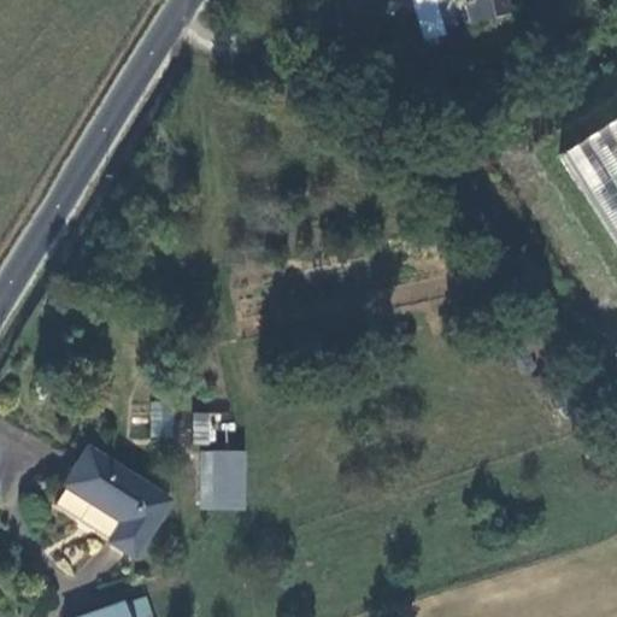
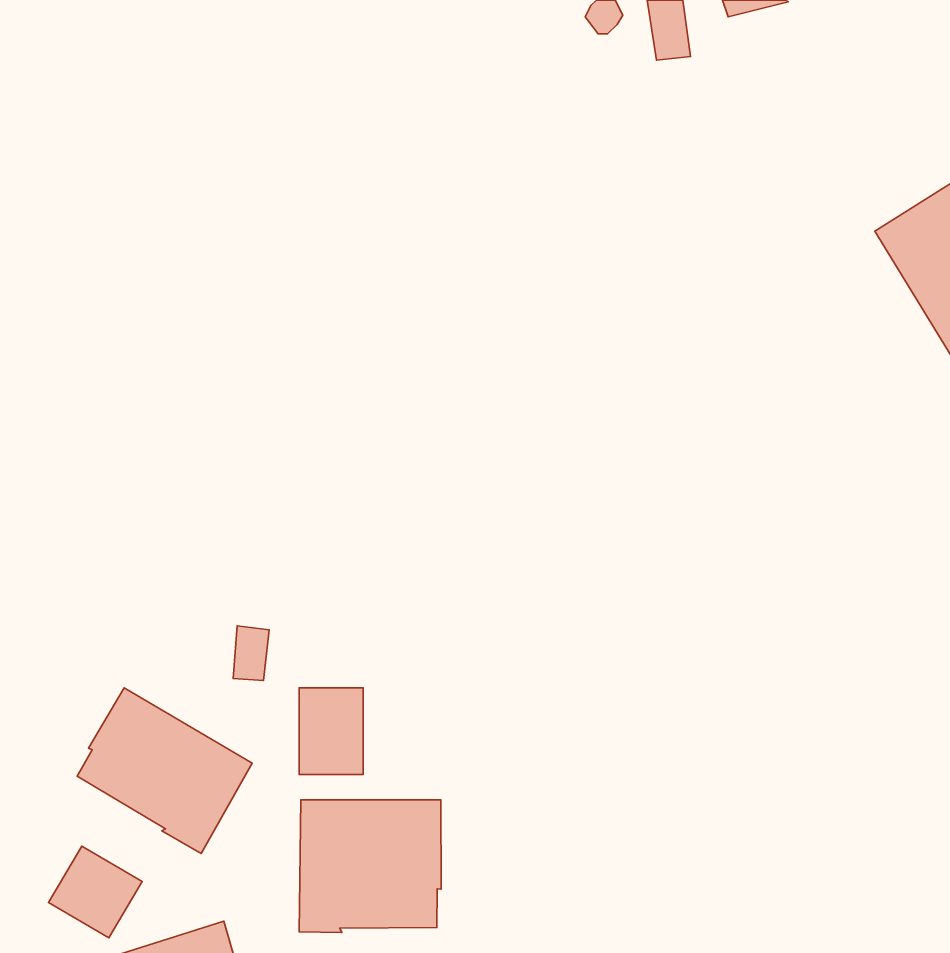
building: none -> [299,800,441,933]
building: none -> [49,846,142,938]

